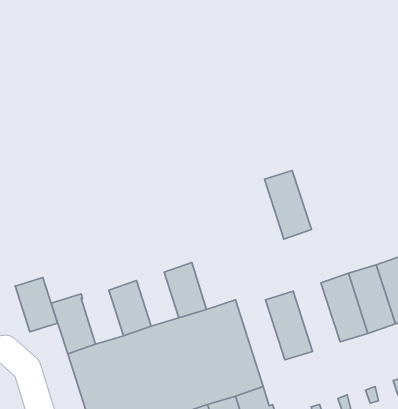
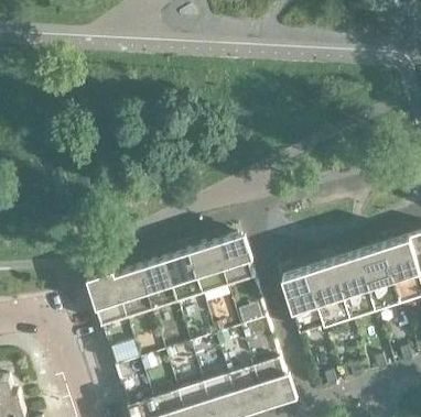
building: [265,171,312,239] -> [306,264,349,327]
building: none -> [214,237,253,288]
building: none -> [163,254,202,304]
building: [15,278,57,332] -> [112,271,151,320]

